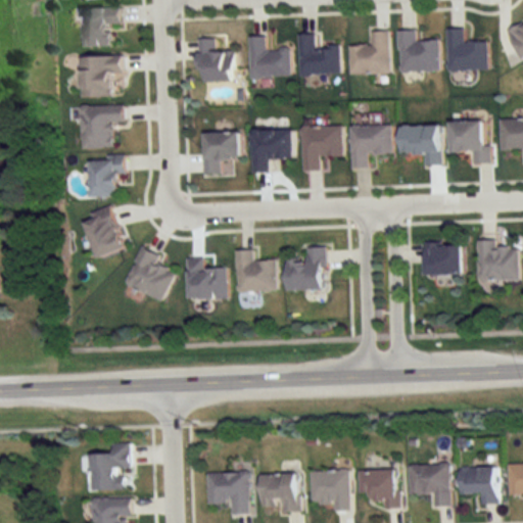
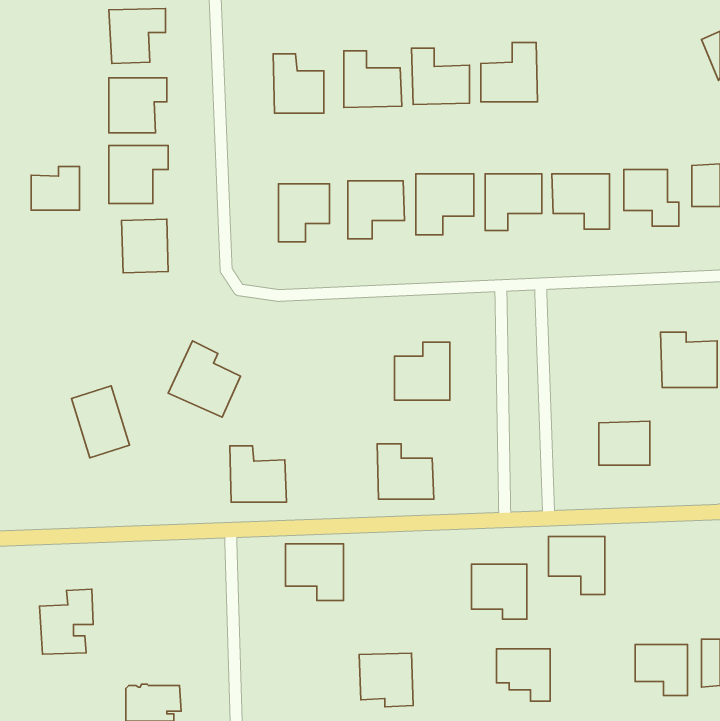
building: [445,29,487,70] -> none
building: [397,30,438,72] -> none
building: none -> [31,167,80,210]
building: [81,206,123,258] -> [71,386,129,458]
building: [425,242,462,274] -> [599,421,650,465]
building: [235,250,276,290] -> [377,444,434,499]
building: [186,257,227,298] -> [230,446,286,502]
building: [91,440,130,487] -> [40,589,93,654]
building: [408,464,448,506] -> [548,537,605,595]
building: [308,469,348,509] -> [472,564,527,619]
building: [207,471,249,512] -> [286,544,344,600]

